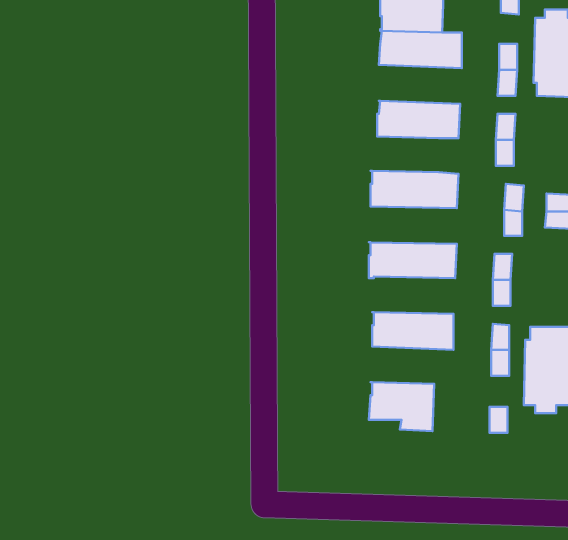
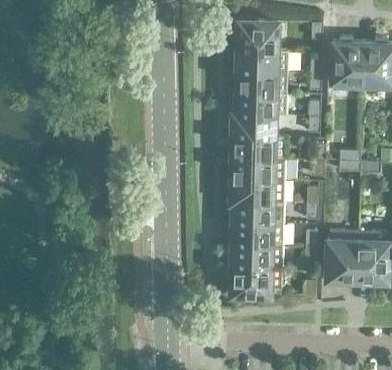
building: none -> [236,74,287,98]
building: none -> [231,116,273,140]
building: none -> [230,161,284,184]
building: none -> [232,204,283,227]
building: none -> [231,247,282,270]

